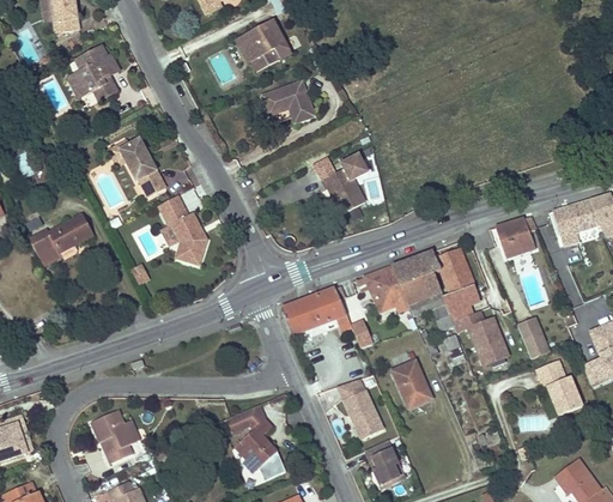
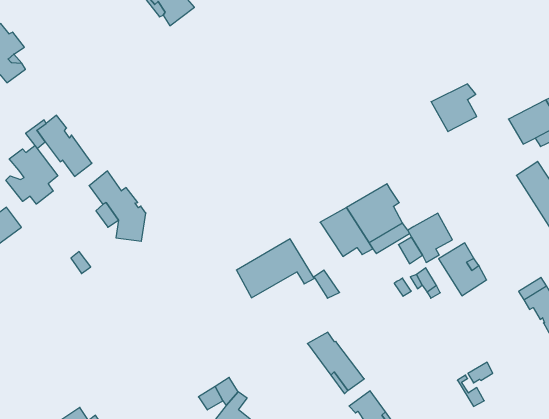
building: [262,83,315,125] -> none
building: [318,155,363,214] -> none
building: none -> [6,146,58,204]
building: [496,216,538,256] -> [431,84,477,132]
building: [435,247,474,294] -> none
building: [517,316,548,357] -> none
building: [392,361,431,409] -> none

